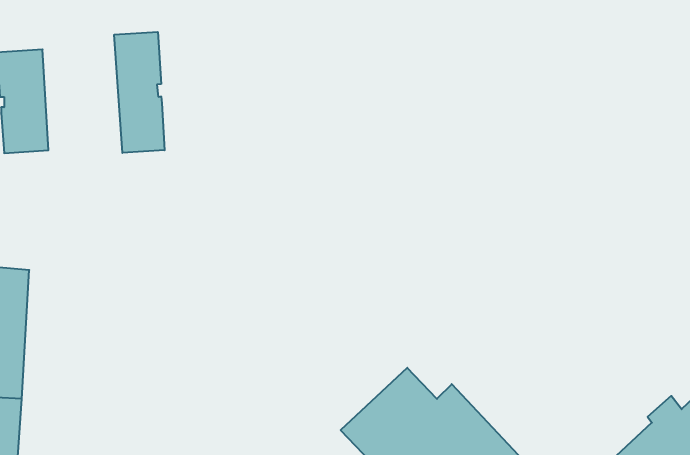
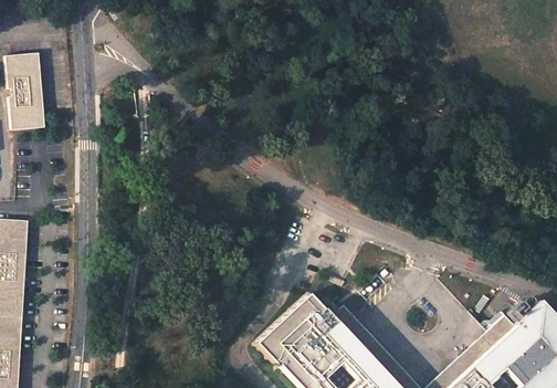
building: [114,32,165,153] -> none

